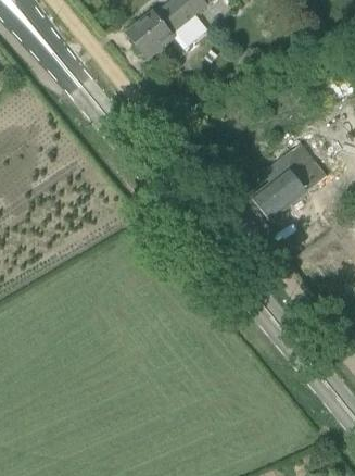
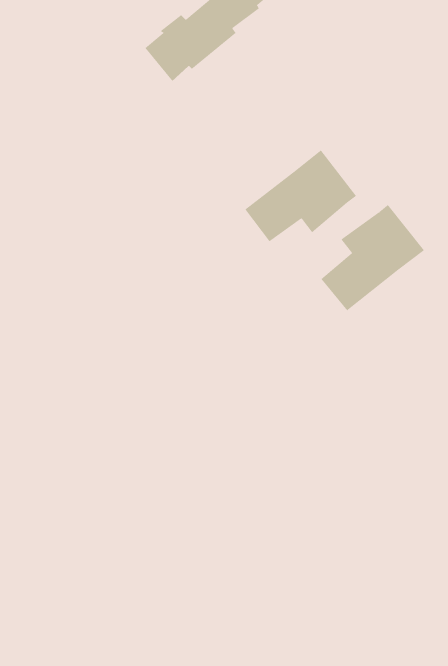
building: none -> [244,149,357,242]

